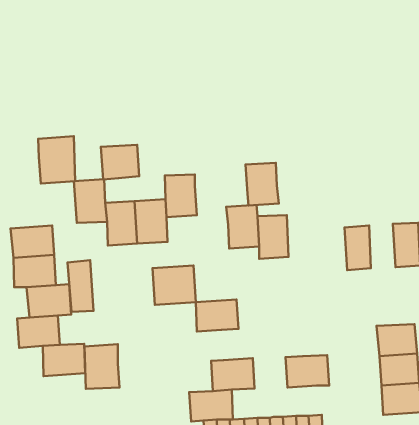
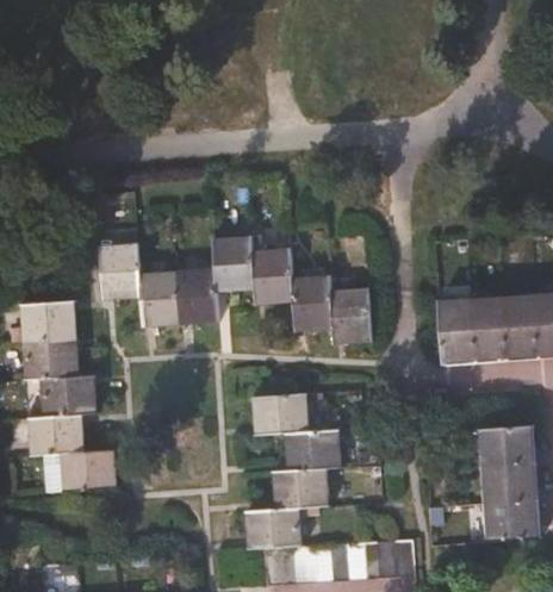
building: [38,136,75,184] -> none
building: [101,145,139,179] -> none
building: [246,163,279,205] -> [251,249,293,303]
building: none -> [471,299,504,355]
building: [67,260,94,312] -> none
building: [152,266,196,305] -> none
building: [84,344,119,389] -> none
building: [286,355,329,387] -> [285,430,340,471]

